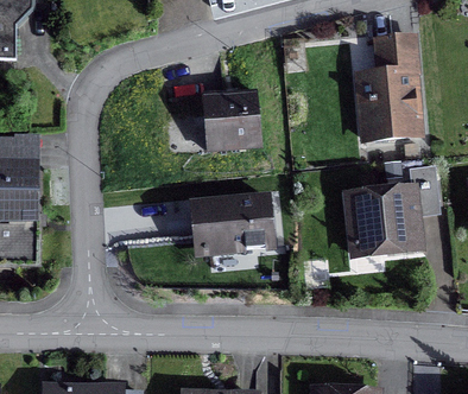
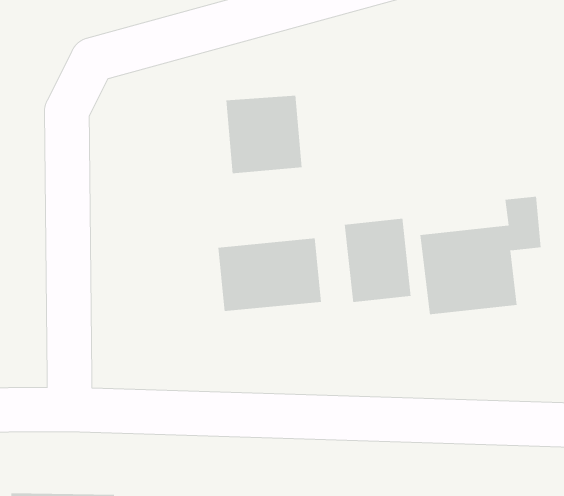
building: [358,36,417,140] -> none
building: none -> [344,218,411,303]

